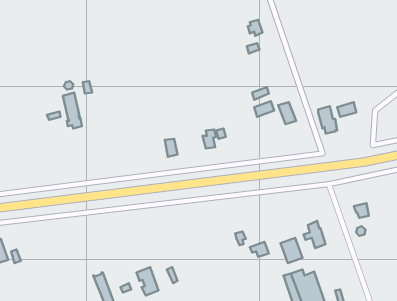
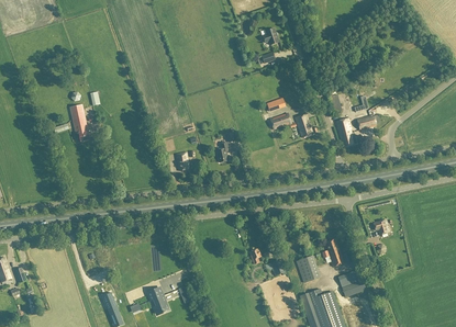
building: none -> [338,270,366,297]

